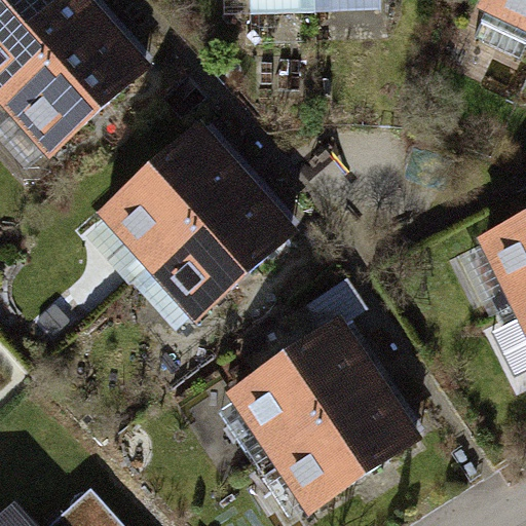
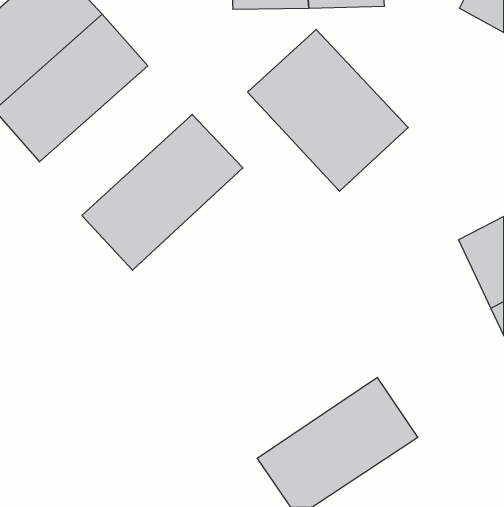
building: none -> [248,29,408,191]
building: [135,171,295,327] -> none
building: [219,322,383,465] -> none

